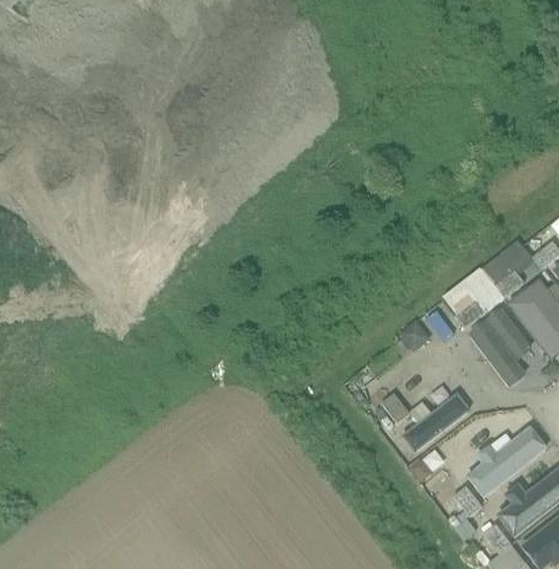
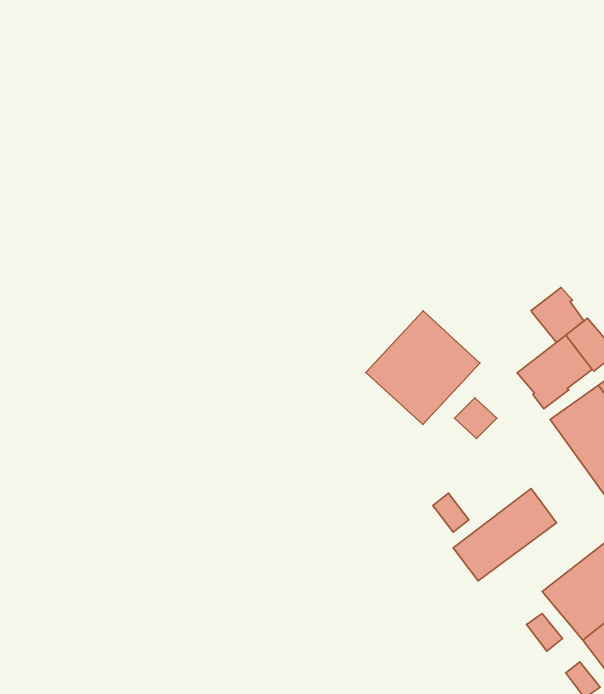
building: none -> [531,288,584,342]
building: none -> [366,311,480,424]

